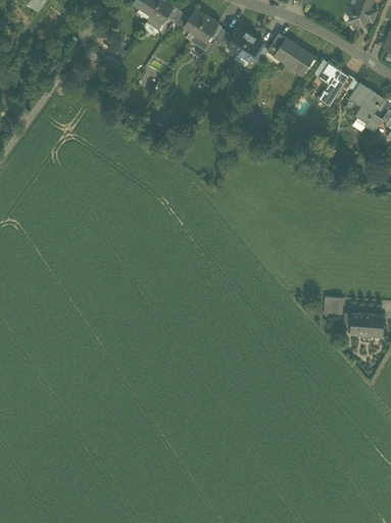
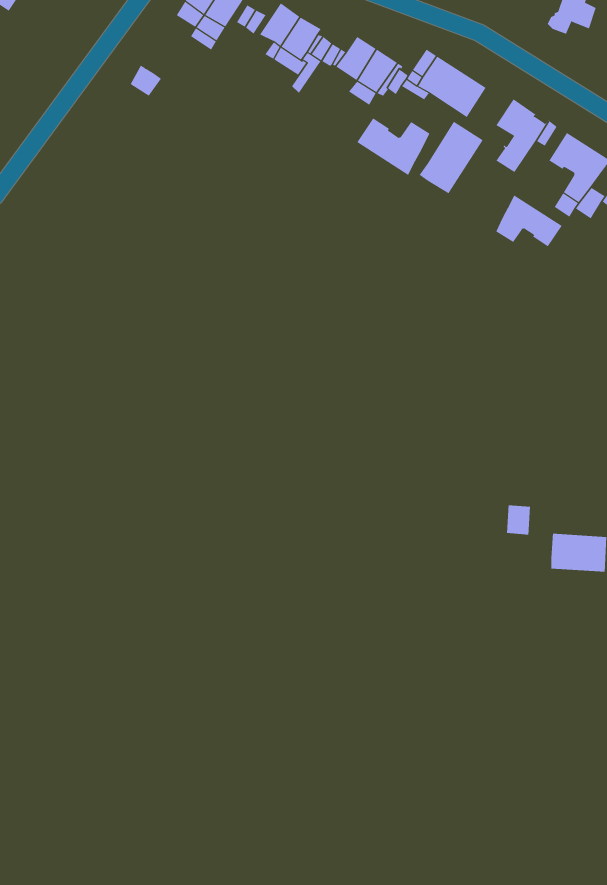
building: none -> [356,117,430,176]
building: none -> [419,121,484,194]
building: none -> [495,194,562,247]

